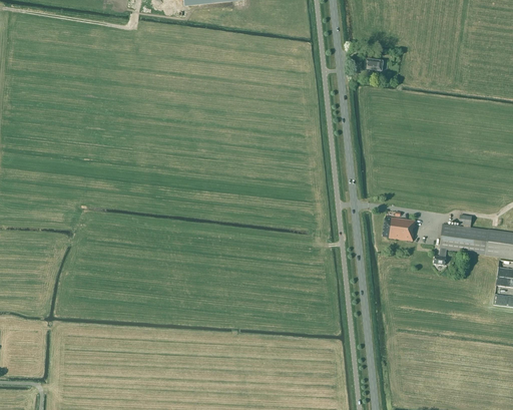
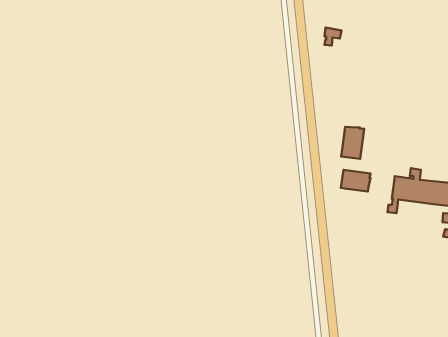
building: none -> [341,127,364,159]

